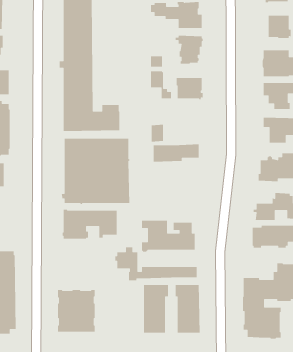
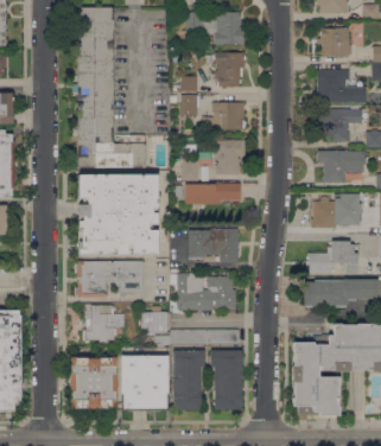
building: none -> [214,139,245,174]
building: none -> [188,228,239,262]
building: none -> [83,304,125,342]
building: none -> [121,356,169,410]

